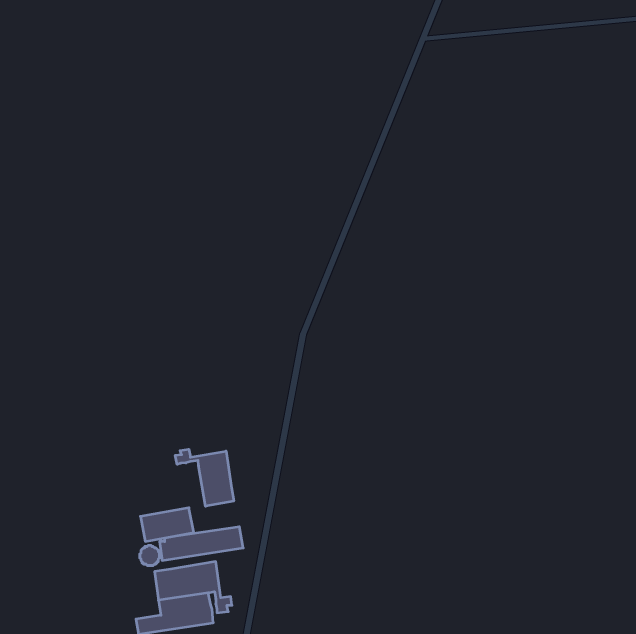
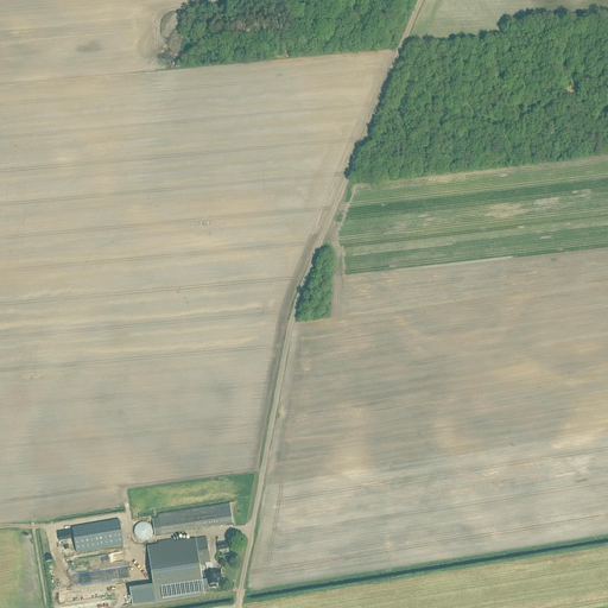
building: [175,449,234,506] -> none
building: [140,508,194,541] -> [71,518,122,550]

